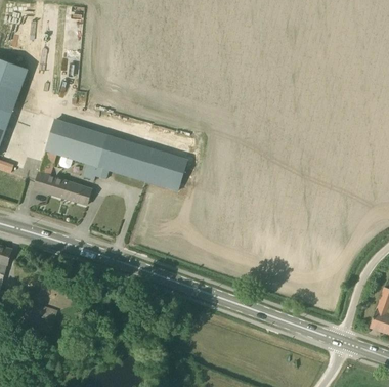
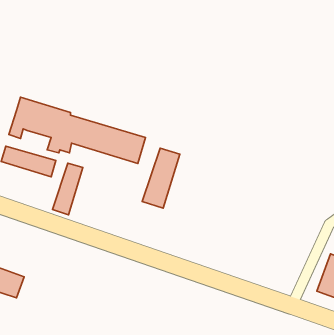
building: none -> [142,148,180,208]
building: none -> [52,163,83,215]

